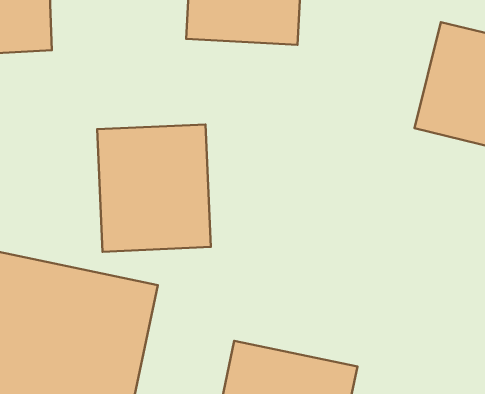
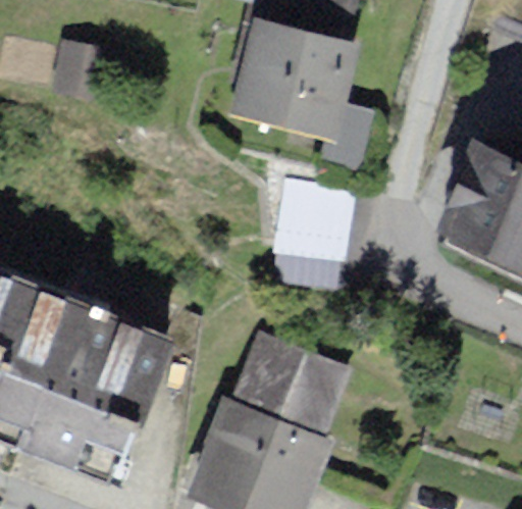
building: none -> [277,188,348,258]
building: [97,124,211,252] -> none
building: none -> [236,332,361,440]

